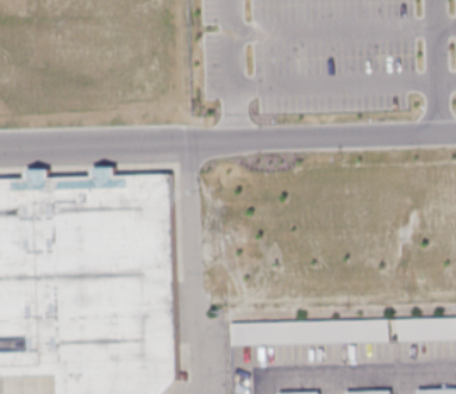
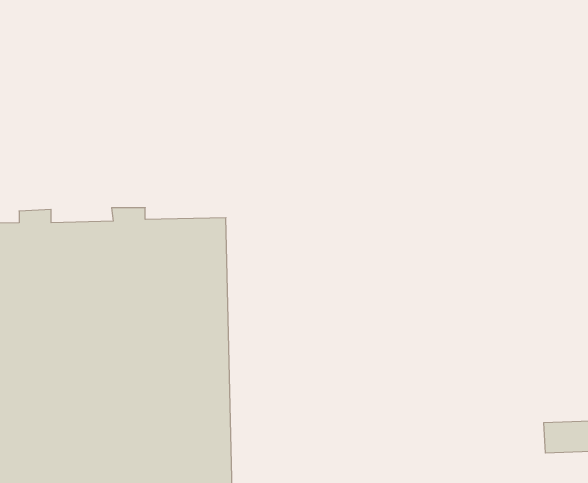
building: [227,320,387,346] -> none

